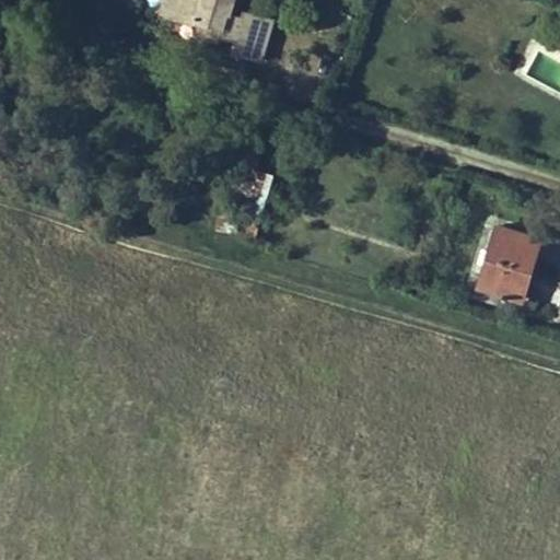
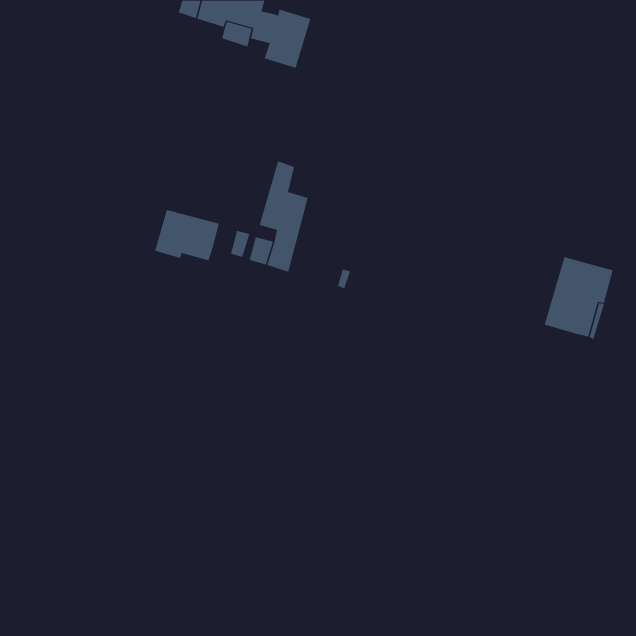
building: none -> [155,209,220,261]

